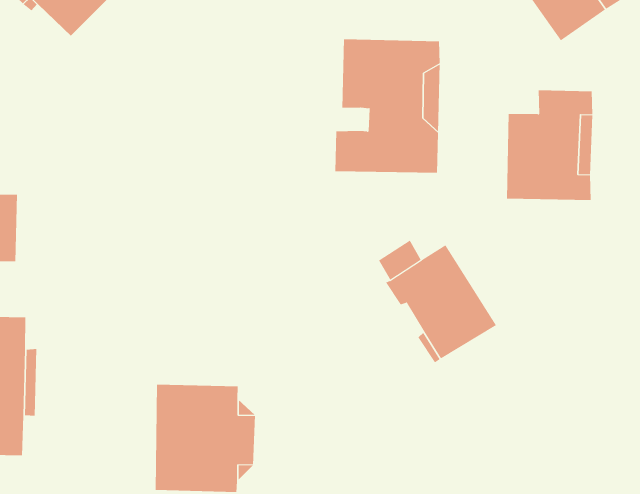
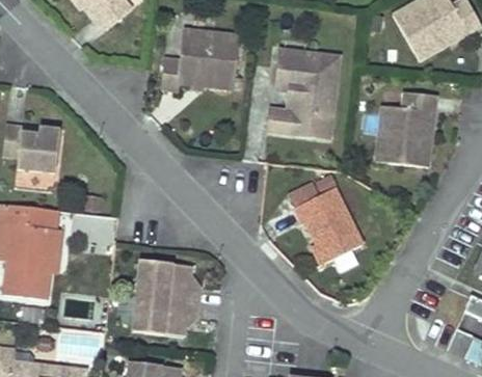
building: none -> [161,27,238,90]

